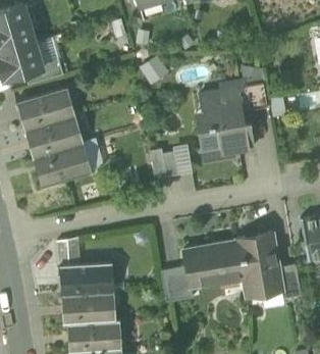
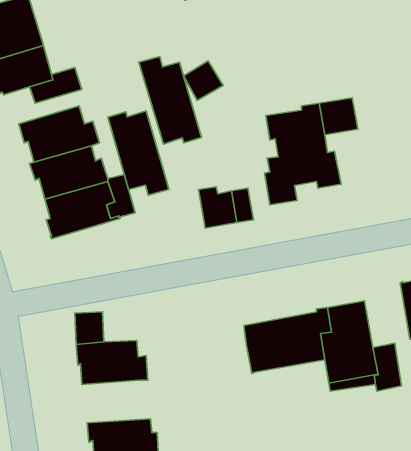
building: none -> [139,56,202,144]
building: none -> [108,111,169,195]
building: [160,266,194,303] -> none
building: [60,292,114,323] -> none

